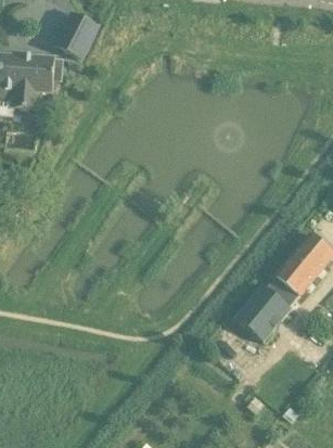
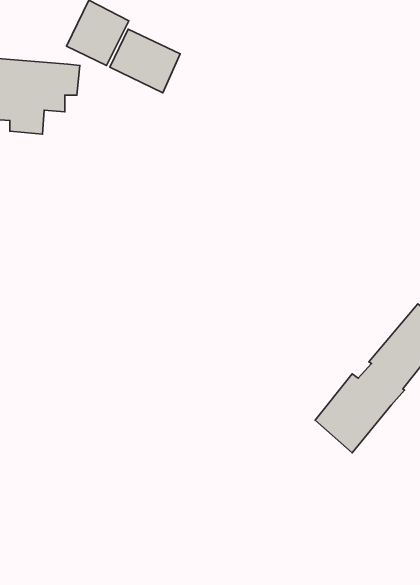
building: none -> [110,29,180,93]

